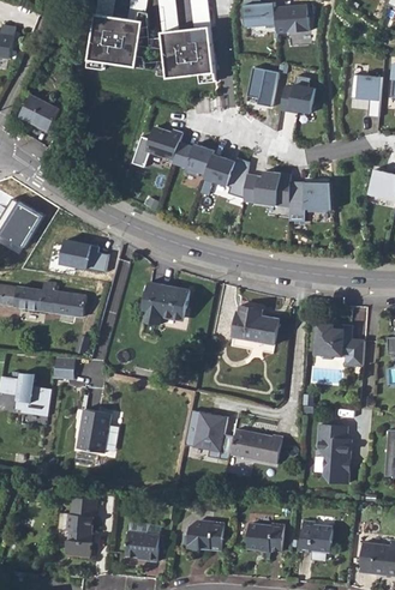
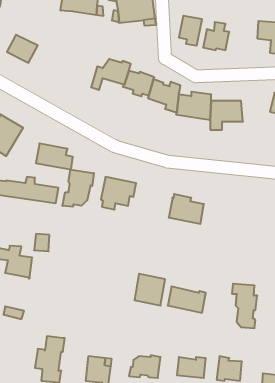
building: none -> [62,170,94,207]
building: [316,324,365,366] -> none
building: [77,409,112,453] -> none

